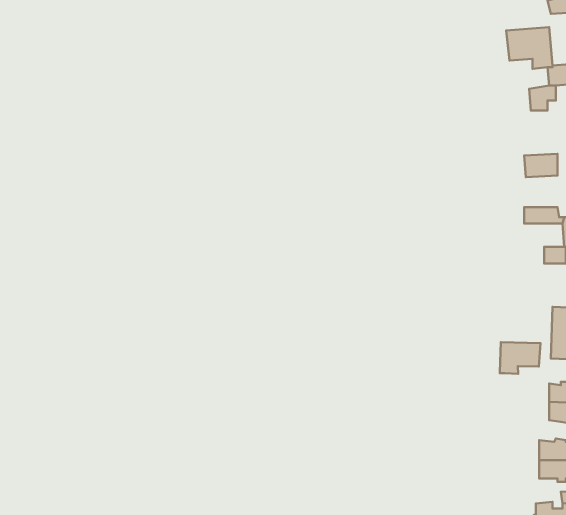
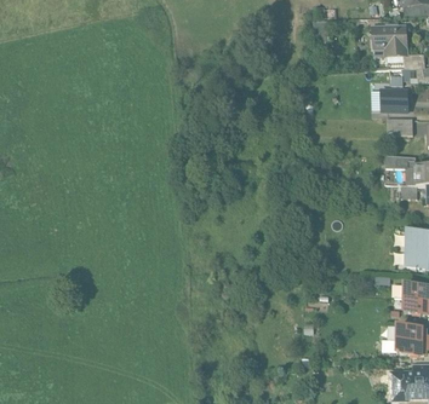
building: none -> [381,90,408,111]
building: [500,342,540,374] -> none

